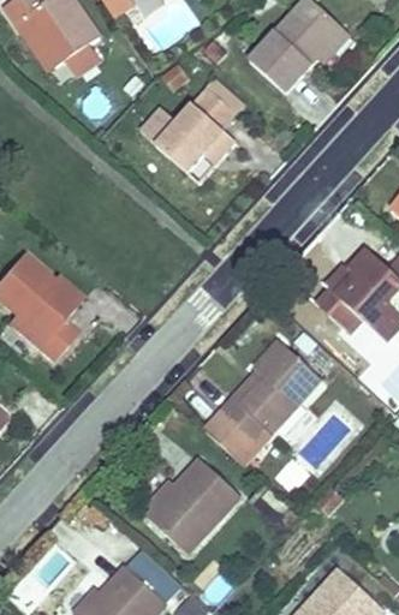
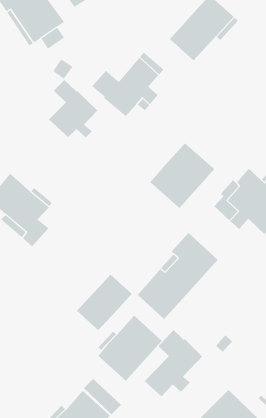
building: none -> [48,79,98,138]
building: none -> [150,142,215,209]
building: none -> [76,274,132,331]
building: none -> [144,329,203,397]

